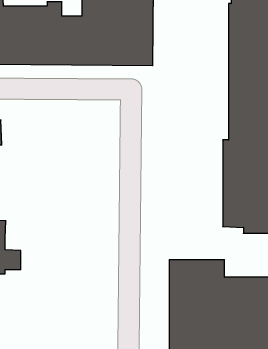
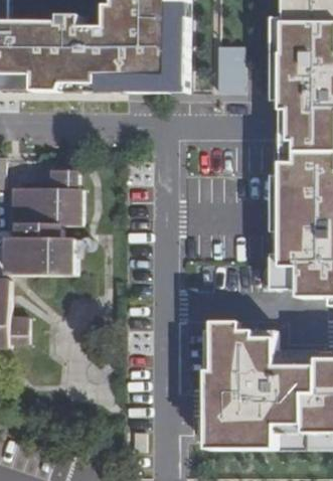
building: none -> [217,44,243,91]
building: none -> [9,167,80,273]

